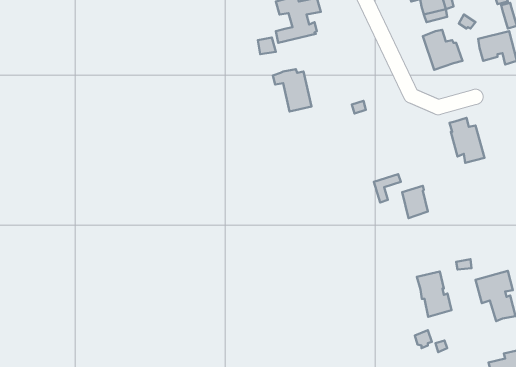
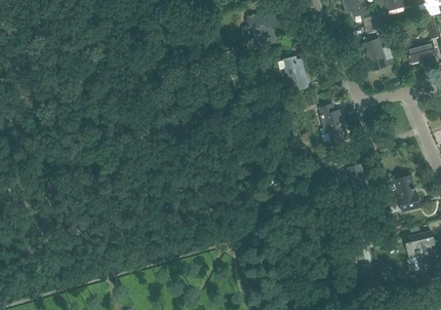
building: [273,69,311,112] -> [277,56,308,90]
building: [450,118,484,163] -> [319,103,347,139]
building: [417,272,452,317] -> [393,175,420,210]

